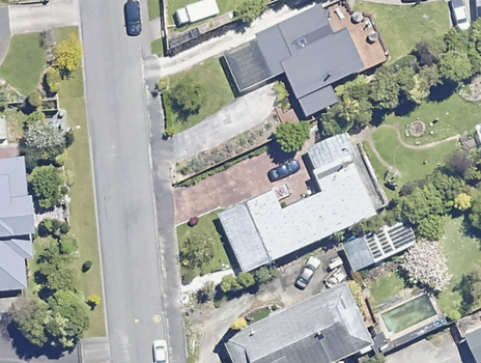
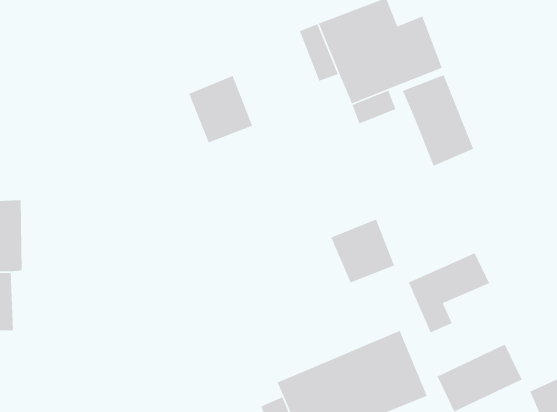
building: [221,35,275,92] -> [188,75,253,144]
building: [312,153,372,230] -> [402,74,474,167]
building: [218,187,301,269] -> none

